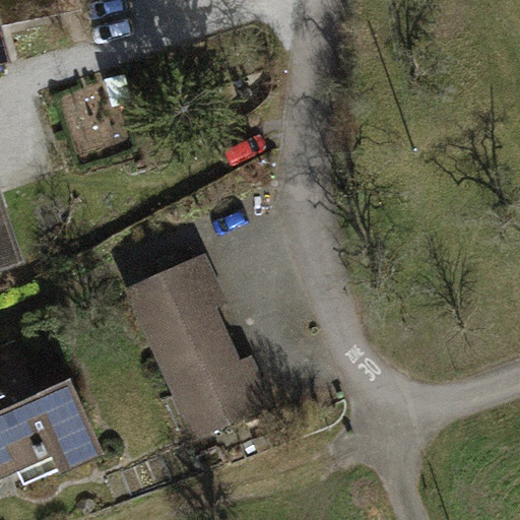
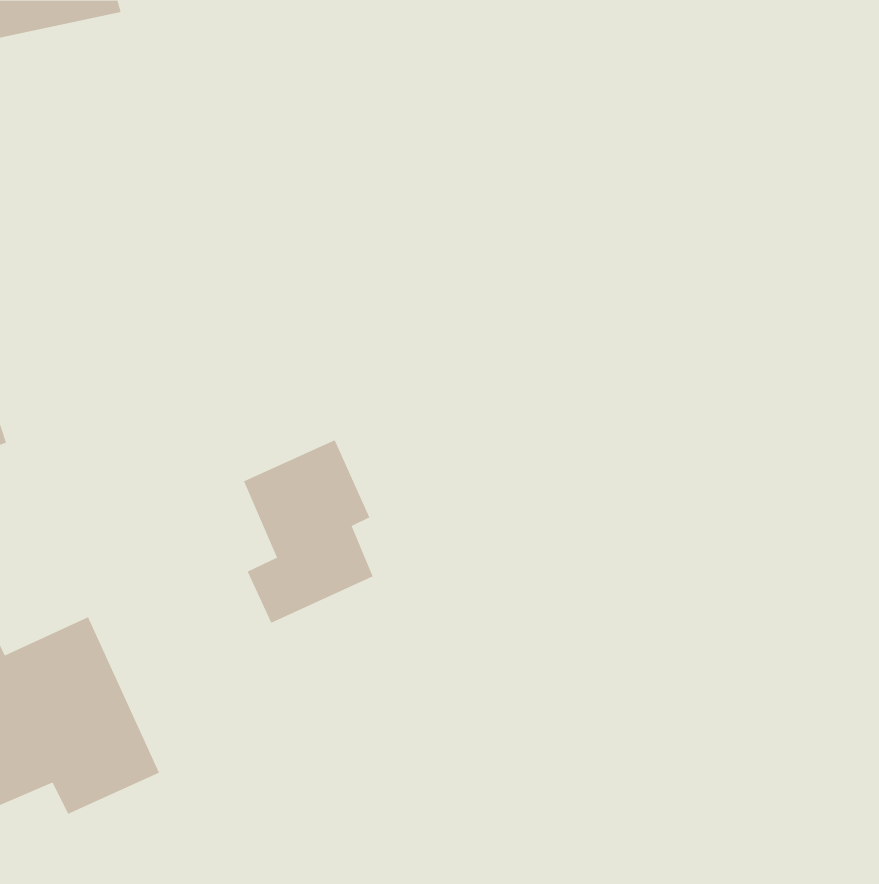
building: [158,339,264,434] -> none

